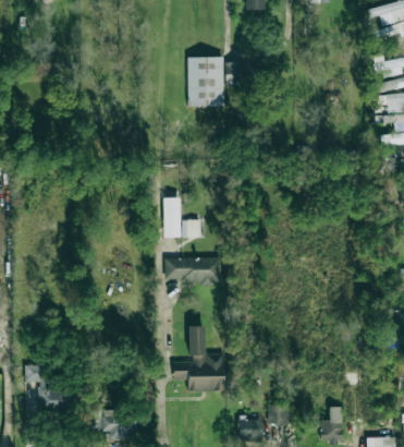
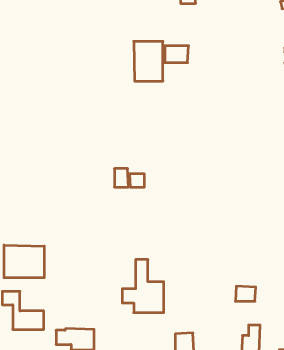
building: [164,256,221,283] -> none
building: none -> [4,245,44,278]
building: [268,404,293,423] -> [235,286,256,301]

